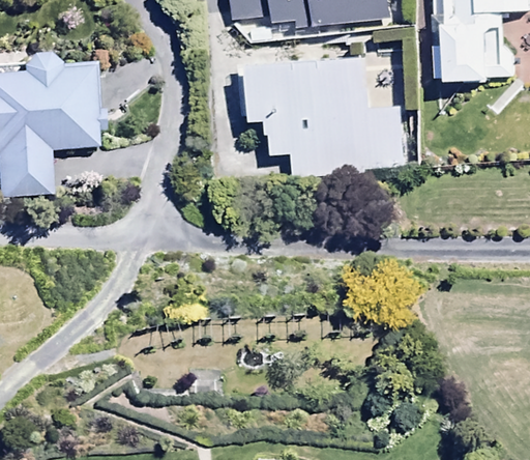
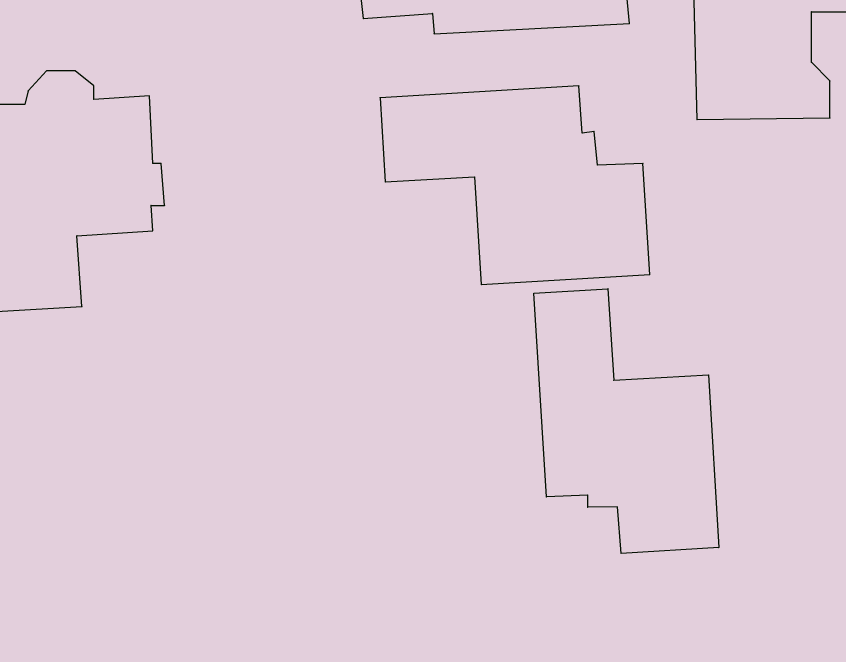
building: none -> [534,289,719,553]

